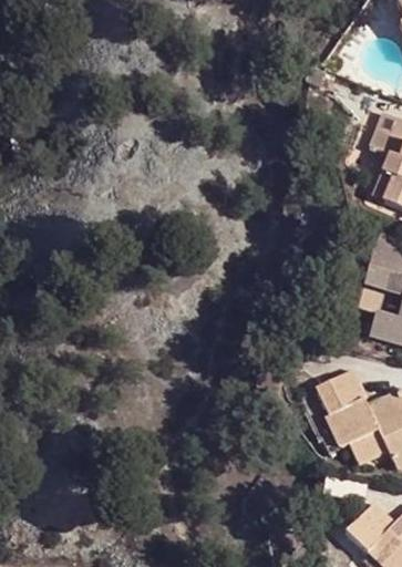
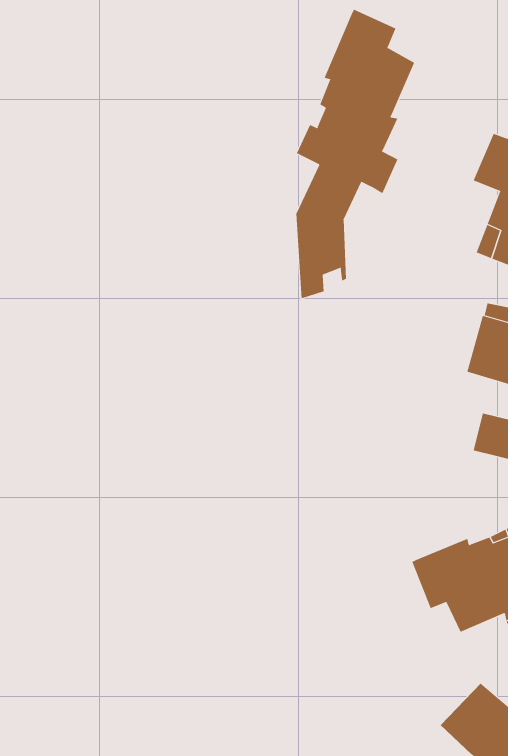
building: none -> [296,9,415,299]
building: [316,373,365,415] -> none

